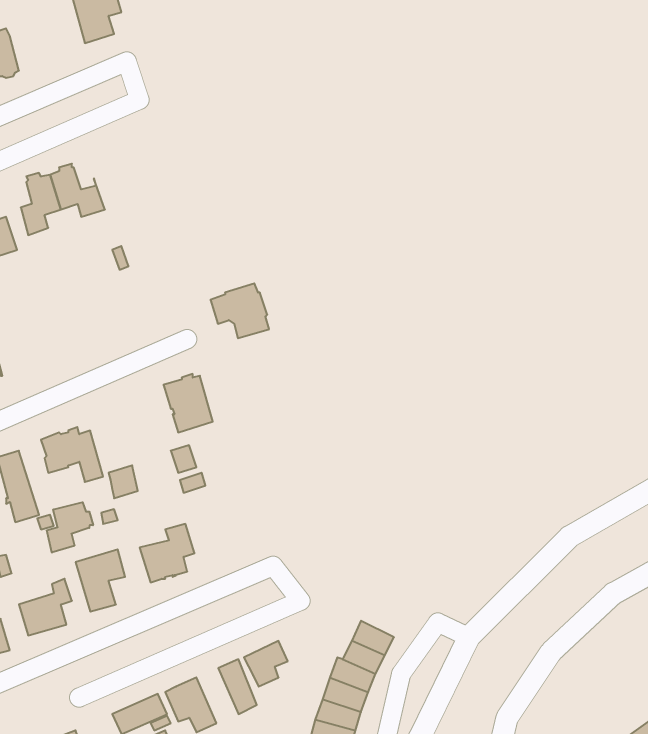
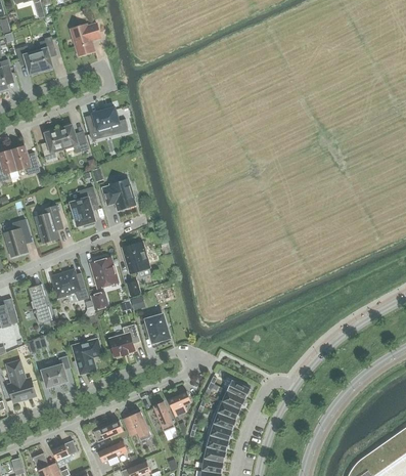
building: none -> [36,36,55,71]
building: none -> [86,104,128,139]
building: none -> [71,186,98,225]
building: [210,283,269,338] -> [102,179,135,210]
building: none -> [35,205,63,243]
building: none -> [91,256,118,288]
building: [47,502,93,553] -> none
building: none -> [143,313,169,343]

